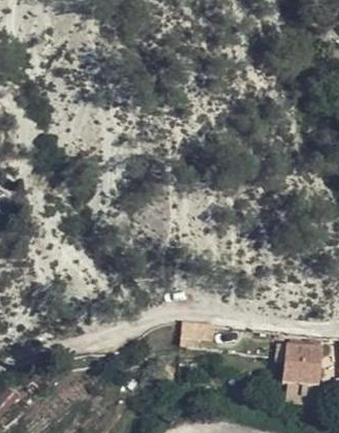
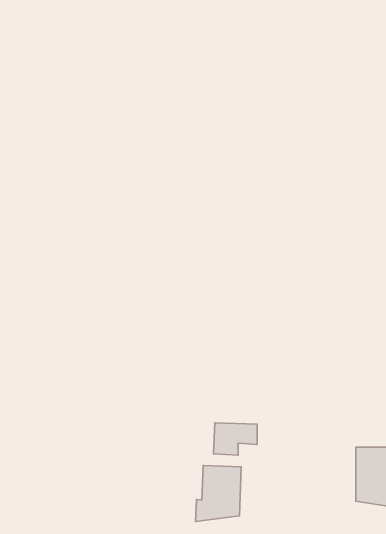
building: none -> [196,466,241,522]

